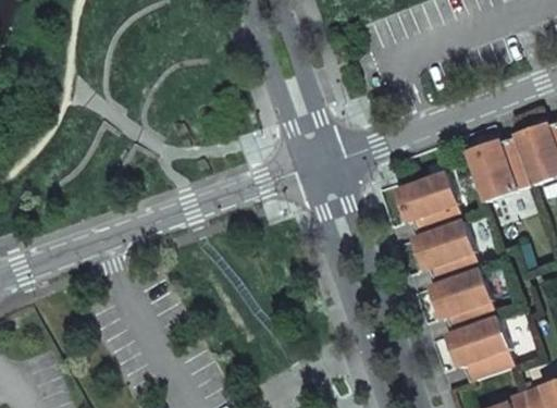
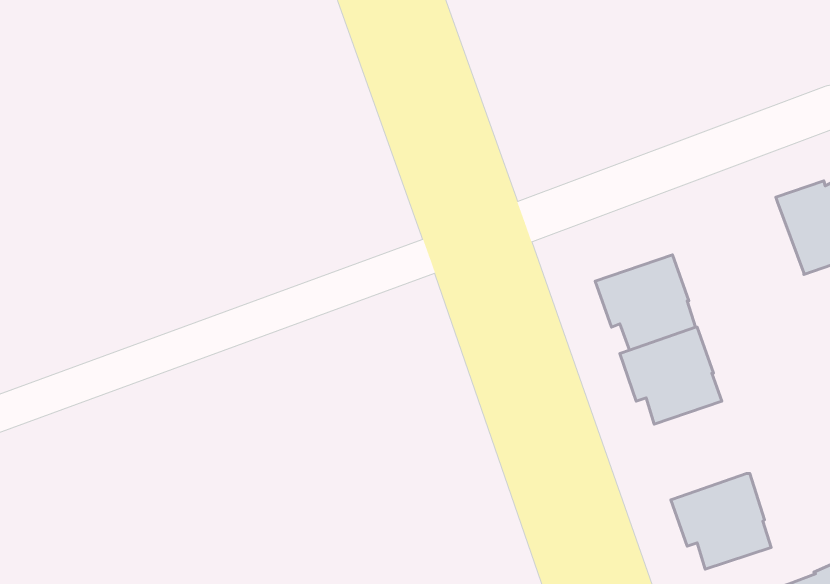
building: [466,138,532,203] -> none
building: [428,269,494,333] -> none

